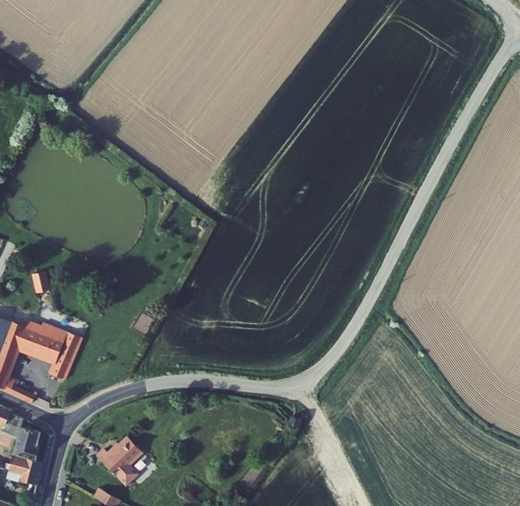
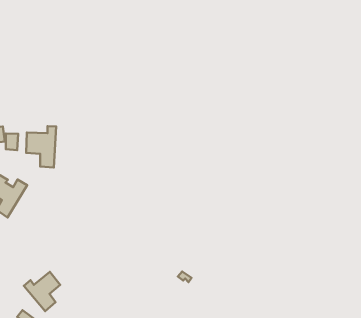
building: none -> [26,126,56,167]

